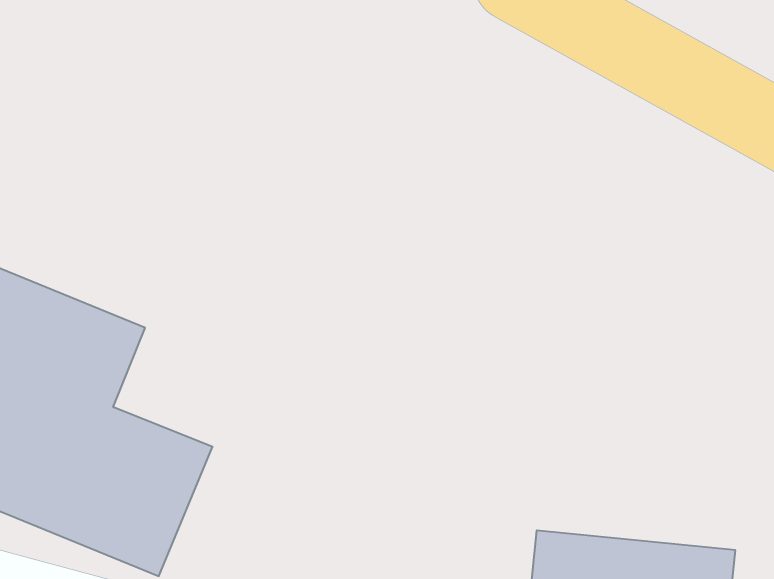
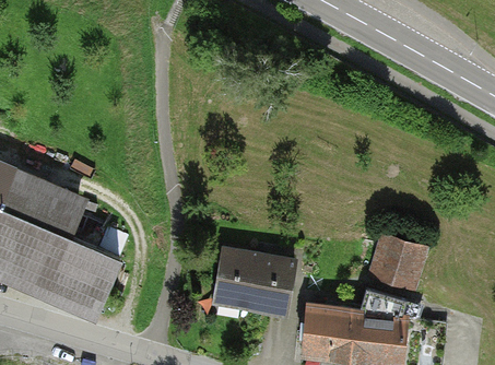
building: none -> [368,228,416,281]
building: none -> [215,246,298,315]

